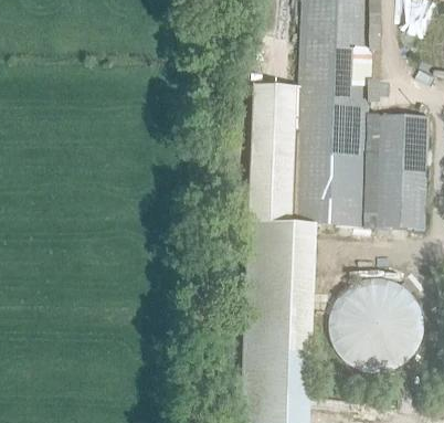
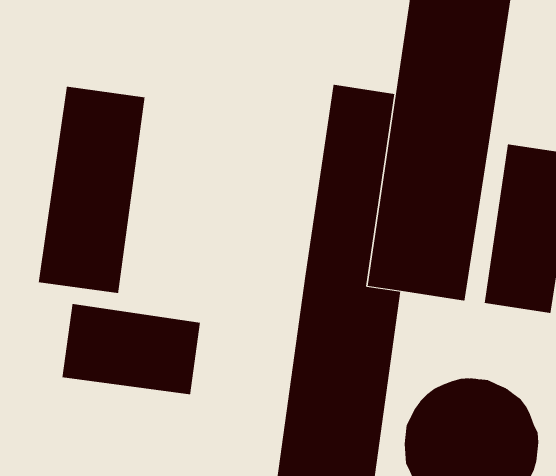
building: none -> [38,86,145,294]
building: none -> [62,303,201,395]

